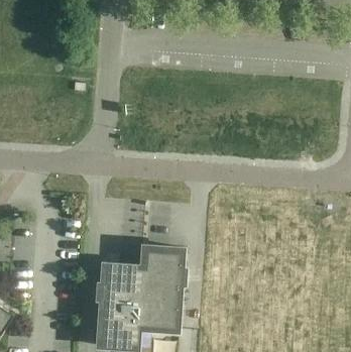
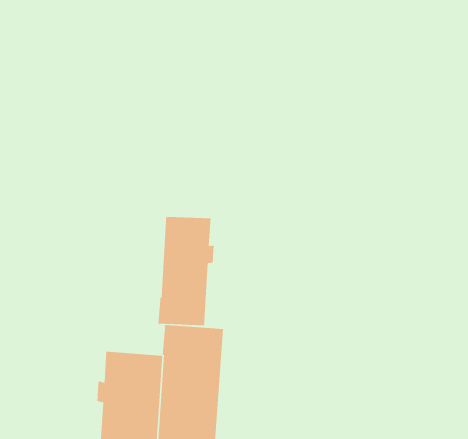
building: none -> [158,216,214,326]

